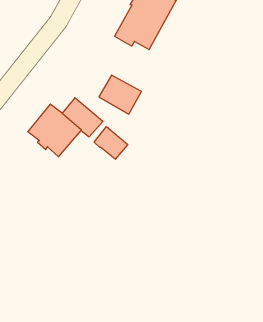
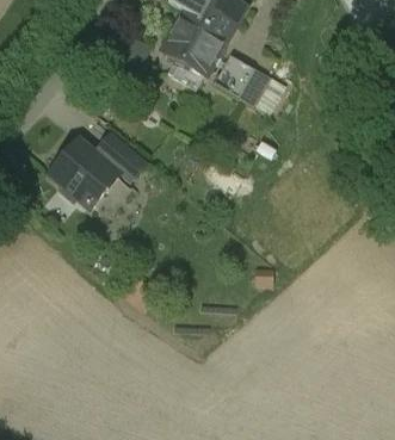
building: [99,75,141,114] -> [212,54,269,105]
building: [94,127,128,159] -> none

